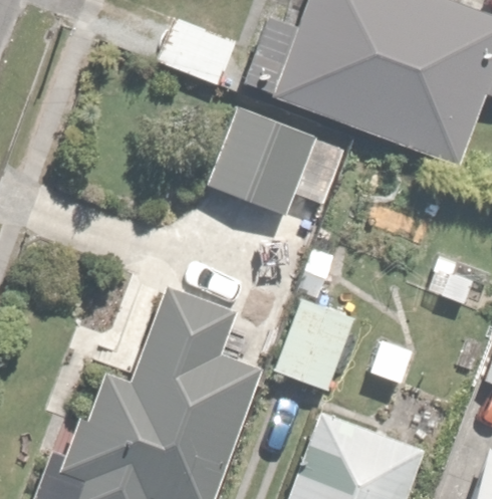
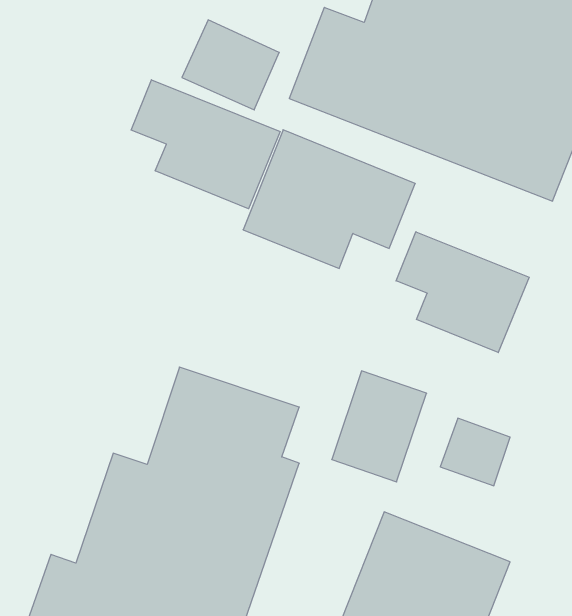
building: none -> [131,80,280,209]
building: none -> [396,232,529,353]

